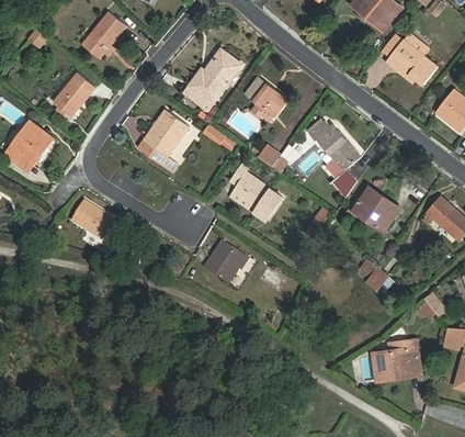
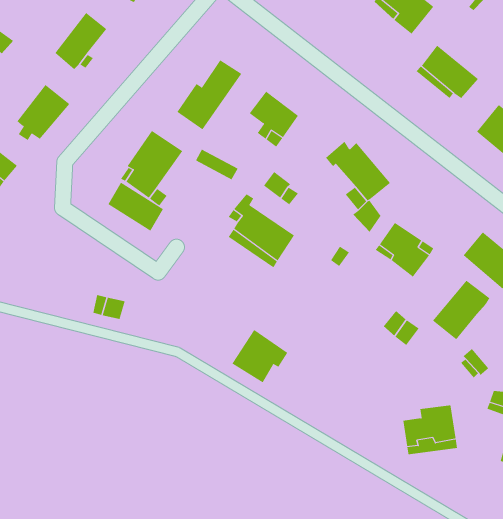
building: [71,201,118,243] -> [107,182,164,232]
building: none -> [432,280,490,340]
building: [203,239,250,284] -> [232,329,288,383]

